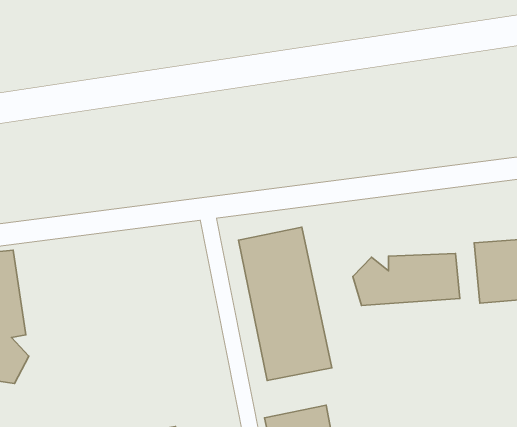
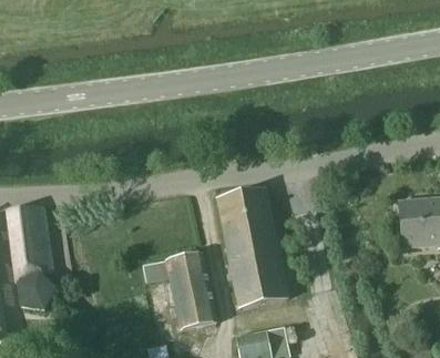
building: [353,253,460,306] -> none
building: none -> [143,252,216,328]

